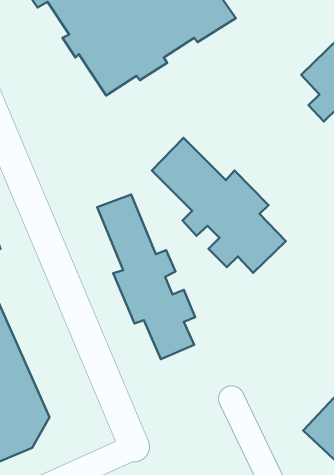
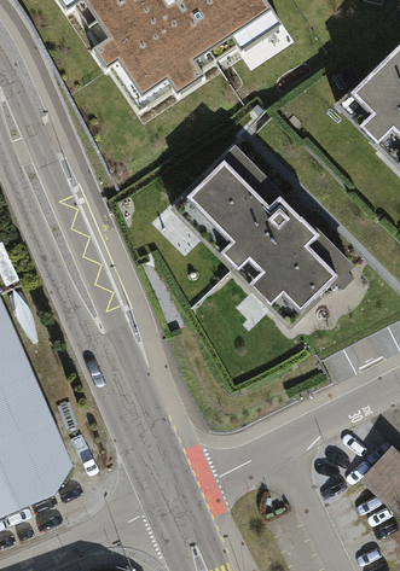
building: [97,195,195,359] -> none

